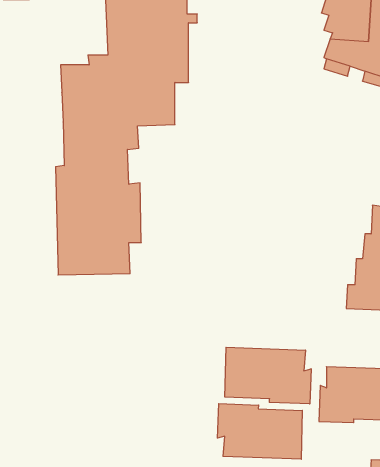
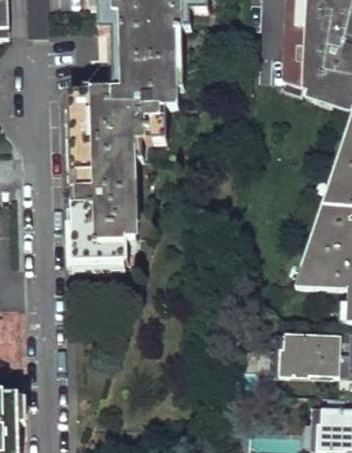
building: [225,347,311,404] -> none
building: [217,404,302,459] -> none

